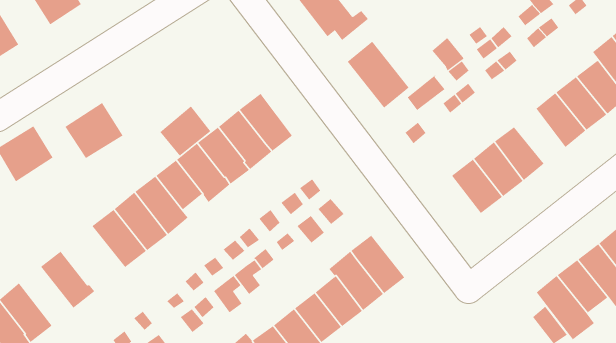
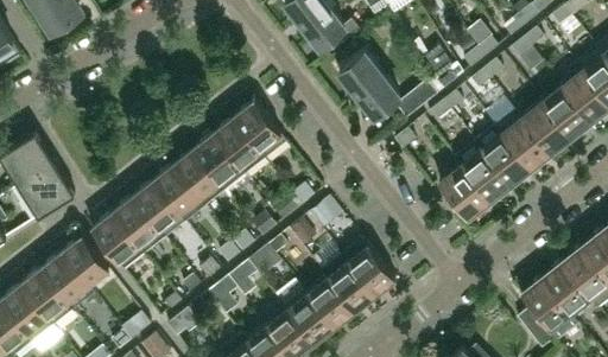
building: none -> [493,108,549,168]
building: [65,102,123,159] -> [17,162,74,217]
building: [160,105,211,157] -> none
building: none -> [61,236,108,286]
building: none -> [20,268,72,325]

